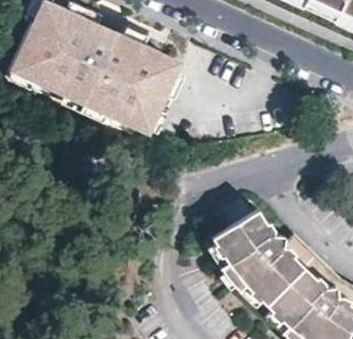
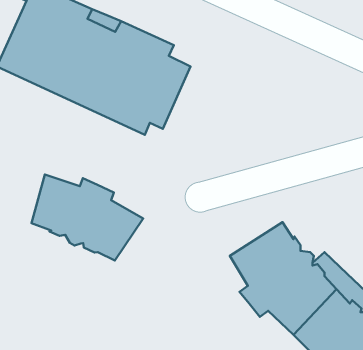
building: none -> [31,175,143,261]

